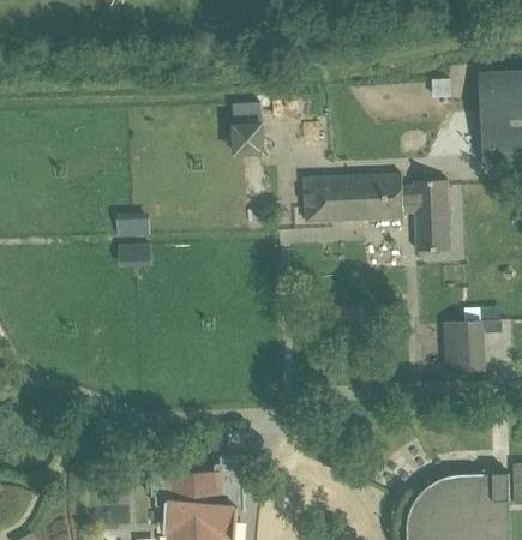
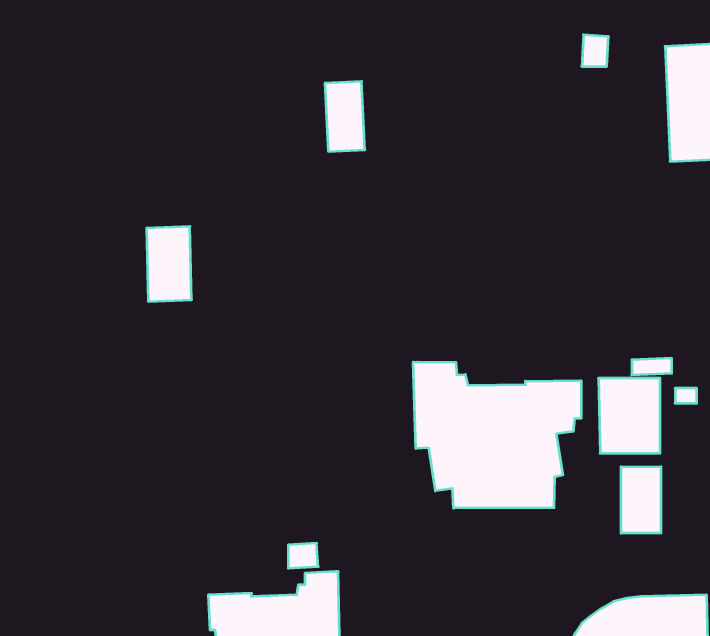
building: [307,174,451,251] -> none
building: none -> [413,362,581,508]
building: none -> [621,467,661,533]

